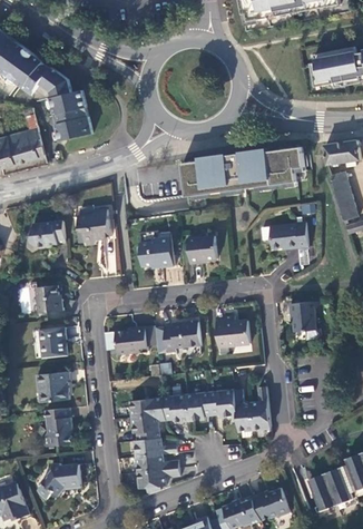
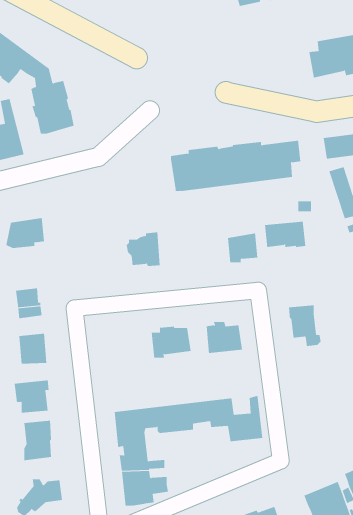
building: [77,209,109,245] -> none
building: [187,236,216,264] -> [227,233,258,263]
building: [114,325,157,353] -> none

